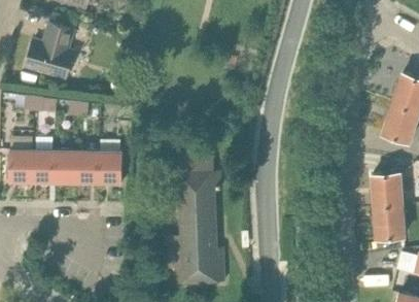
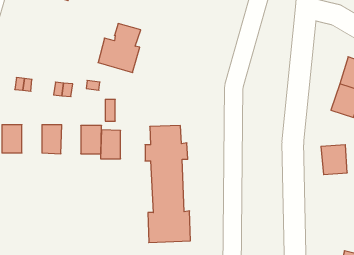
building: [26,23,74,78] -> [98,24,141,73]
building: [32,149,55,181] -> none
building: [76,149,99,182] -> [101,130,121,159]
building: [375,204,404,238] -> none

